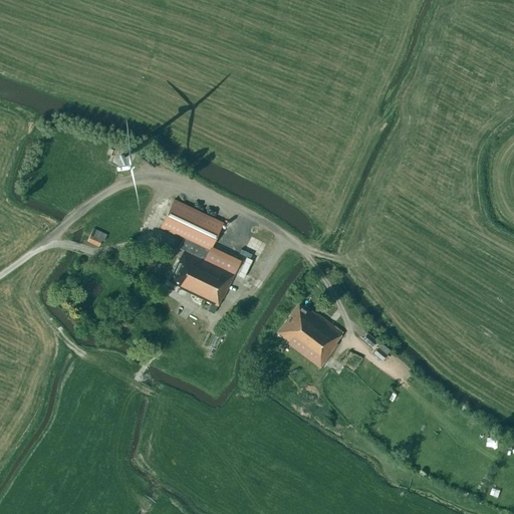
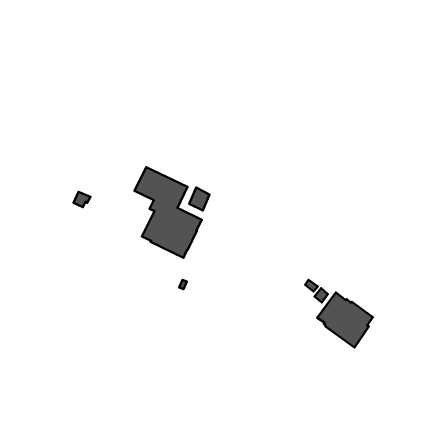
building: [277,302,343,367] -> [317,293,373,347]

